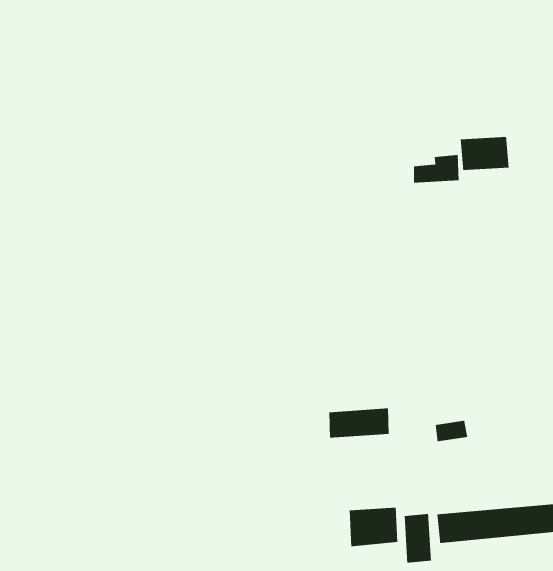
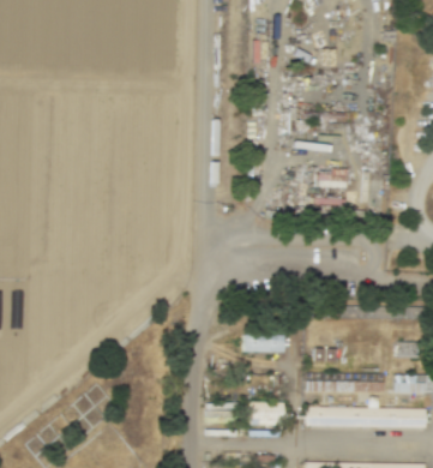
building: [460,136,510,171] -> none
building: [404,513,432,563] -> none

